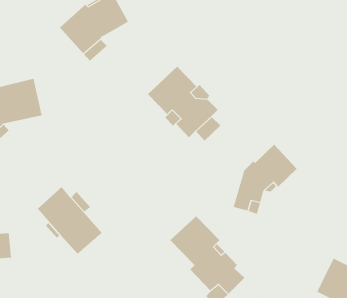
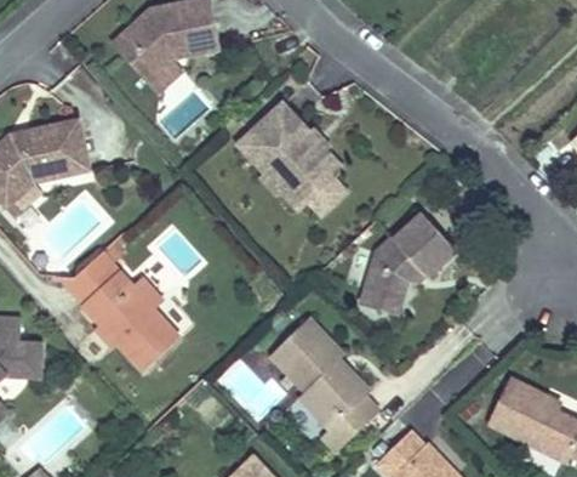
building: none -> [50,255,114,306]

